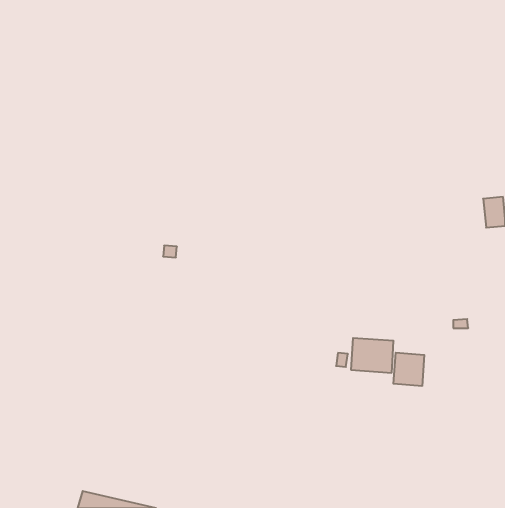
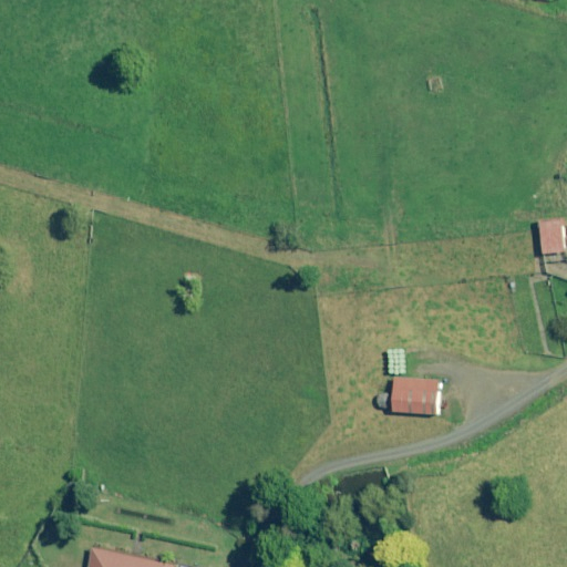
building: [393,353,424,386] -> none

